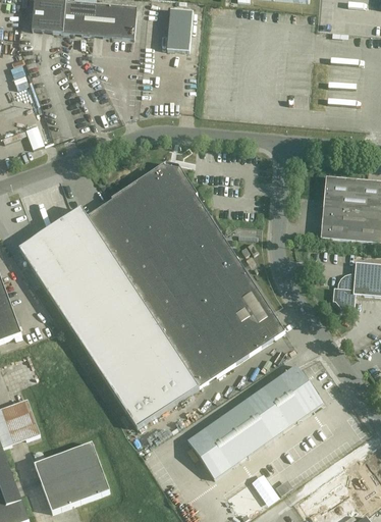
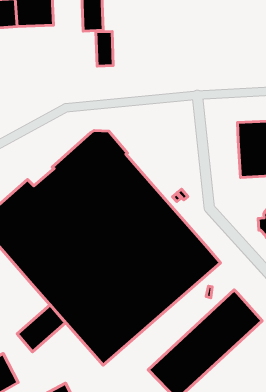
building: none -> [96,31,113,66]
building: none -> [17,305,65,352]

